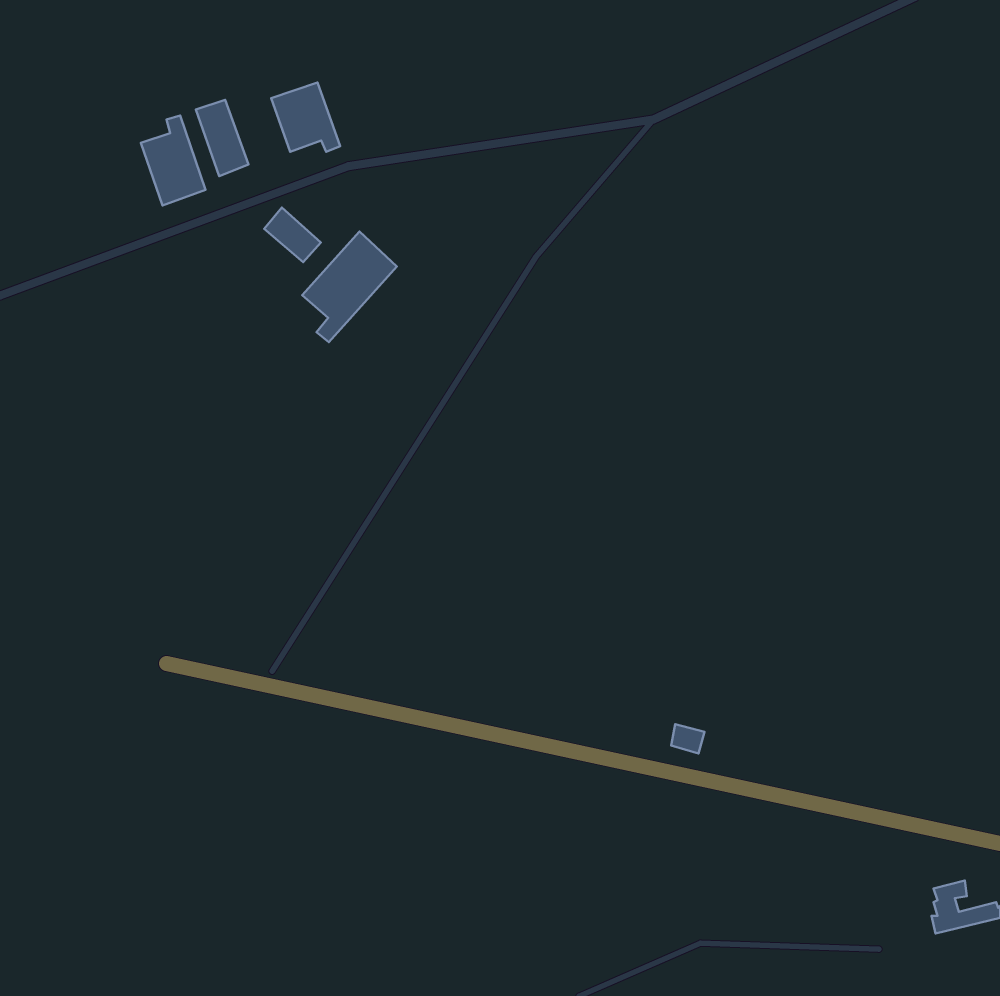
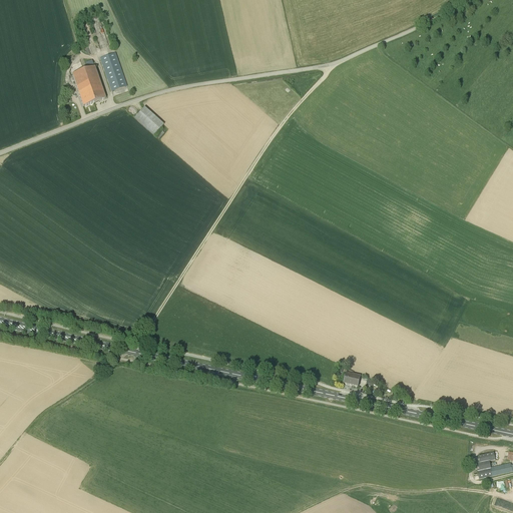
building: [271,82,340,152] -> none
building: [302,232,397,342] -> none

